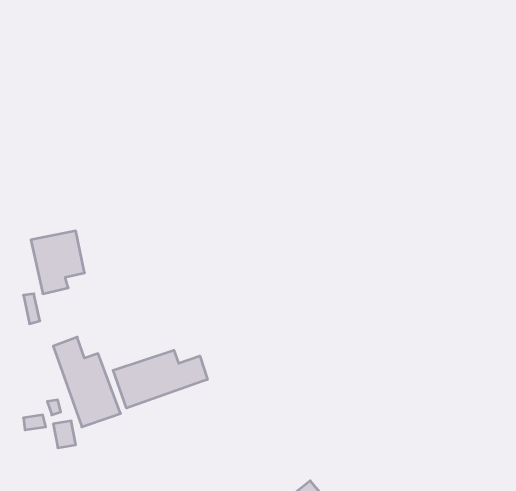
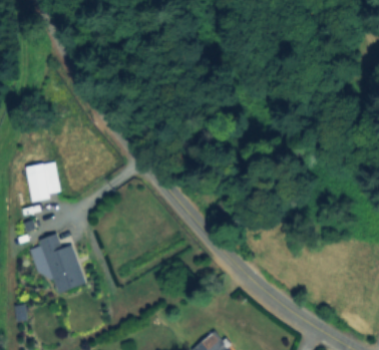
building: [113,350,207,408] -> none

